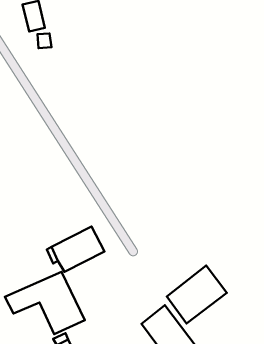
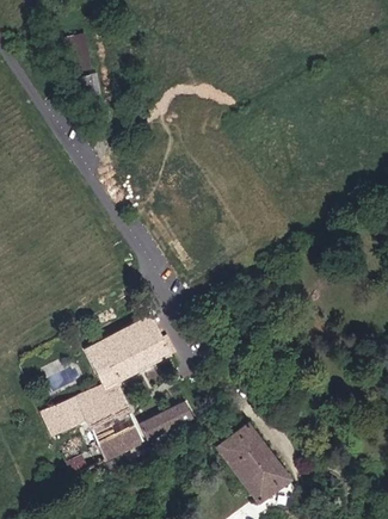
building: [167,266,227,324] -> none
building: none -> [140,402,191,439]

